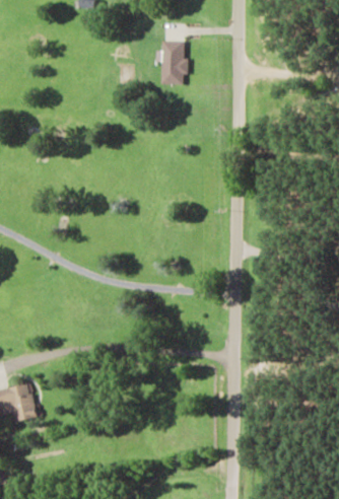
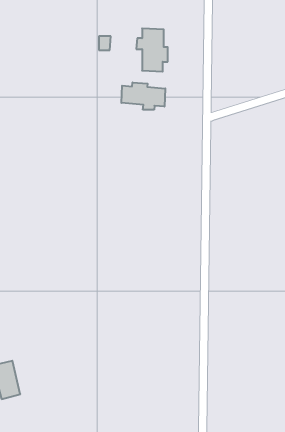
building: none -> [121,82,165,110]

